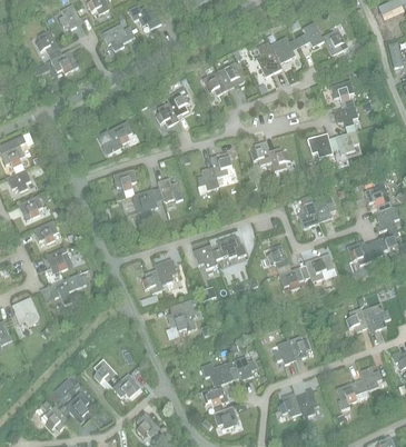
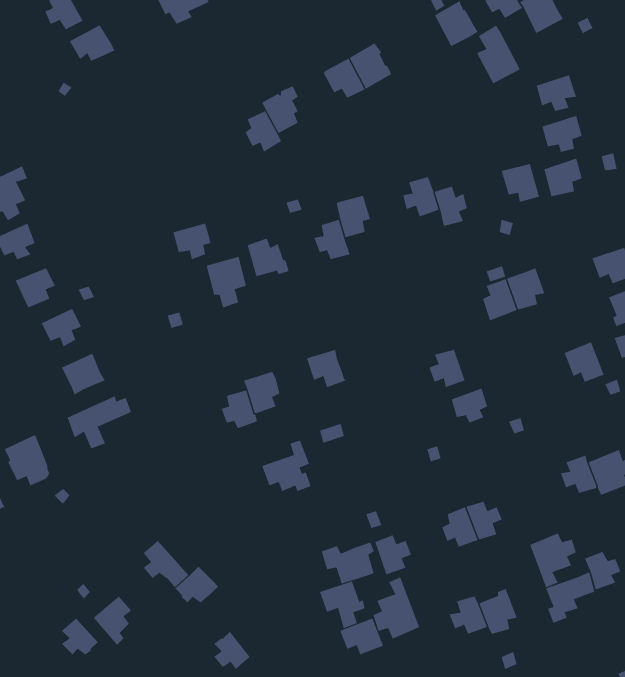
building: [255,41,281,77] -> [476,25,521,84]
building: [102,120,132,155] -> none
building: [211,235,246,259] -> none
building: [305,255,334,282] -> none
building: none -> [530,533,576,588]
building: none -> [373,577,420,639]

